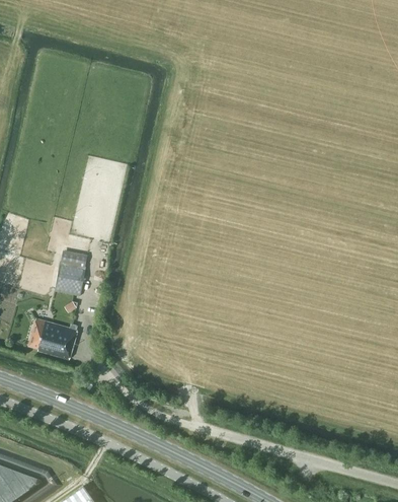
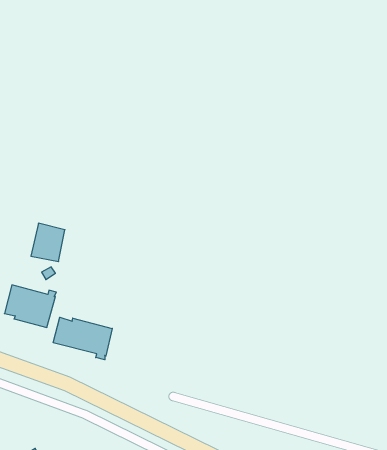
building: none -> [53,317,112,360]

